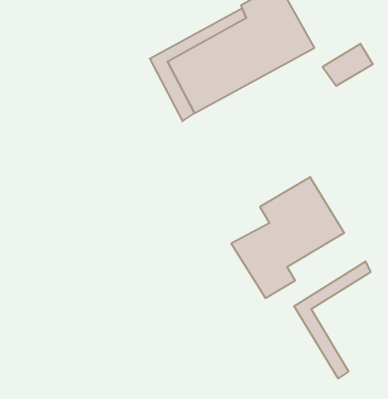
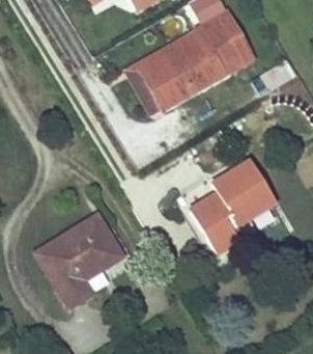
building: none -> [35,215,121,307]
building: [294,261,370,379] -> none

